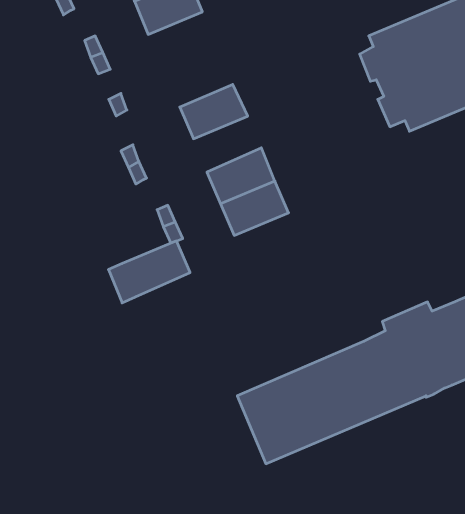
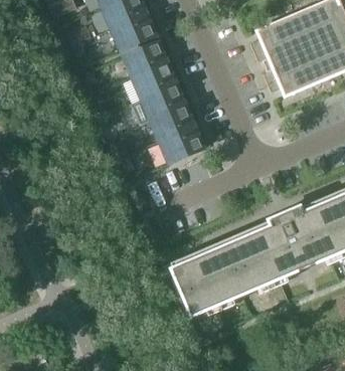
building: none -> [110,14,155,50]
building: none -> [122,41,166,77]
building: [108,241,190,303] -> [131,83,185,125]

